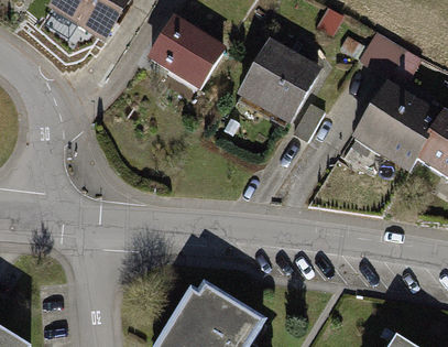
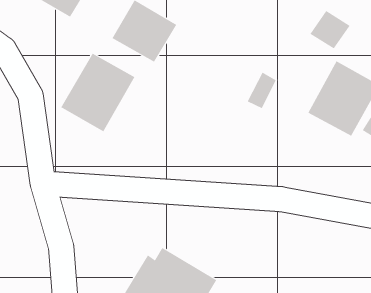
building: [240,40,317,121] -> none
building: none -> [60,53,135,132]

